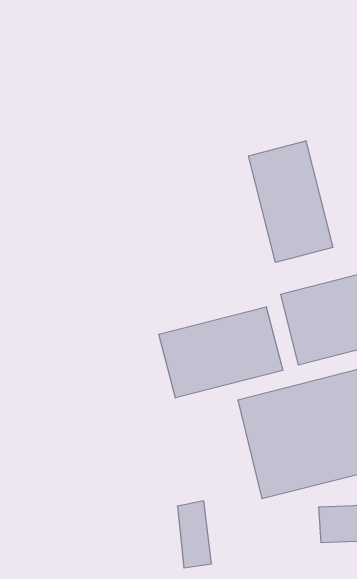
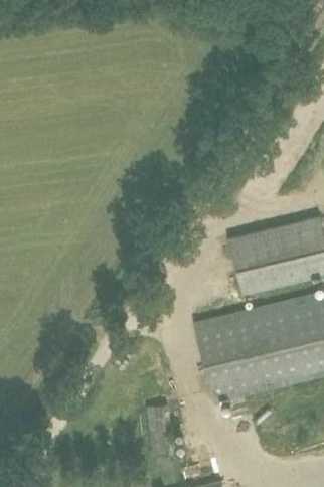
building: [248,141,333,262] -> none
building: [159,307,283,398] -> none

